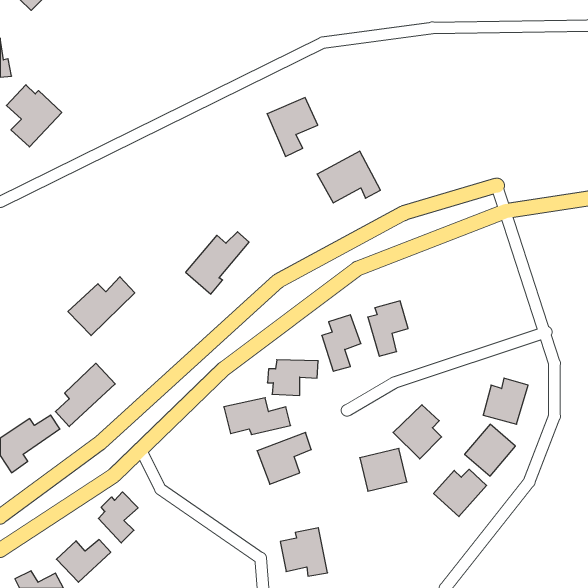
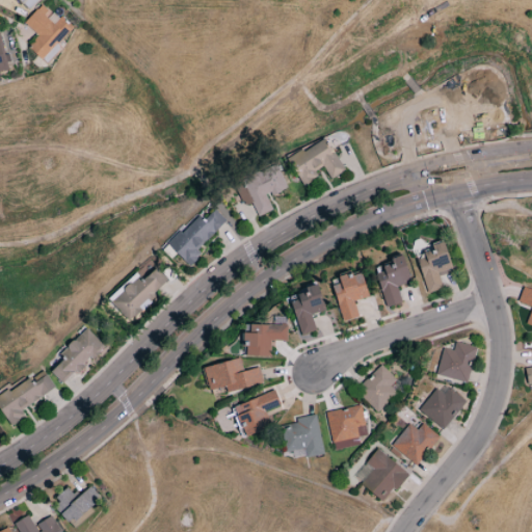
building: [6,85,62,147] -> [24,4,74,60]
building: [267,98,318,156] -> [242,163,288,216]
building: none -> [417,240,452,293]
building: [68,277,135,336] -> [109,267,169,320]
building: none -> [375,255,411,307]
building: [98,492,138,543] -> none
building: none -> [356,448,409,501]
building: [280,528,328,576] -> [282,414,324,457]

